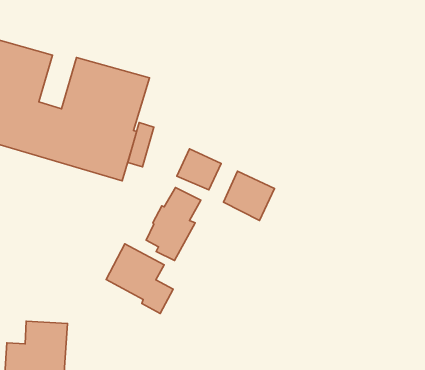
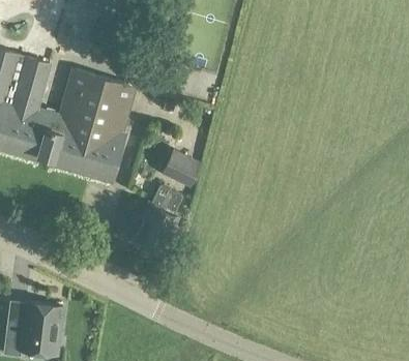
building: [223,171,275,220] -> none
building: [106,244,173,314] -> none

